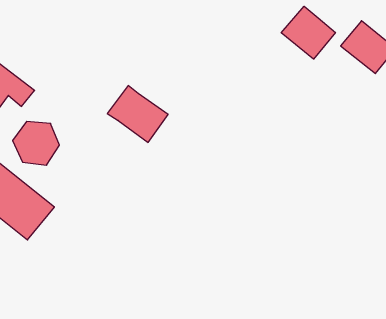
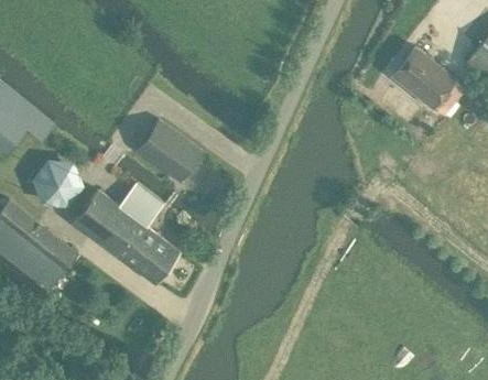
building: [281,6,335,59] -> none
building: none -> [74,184,180,284]

